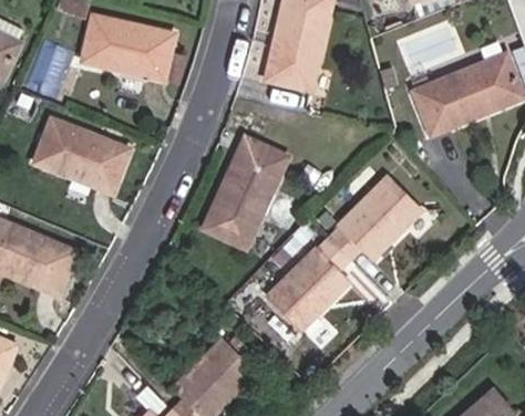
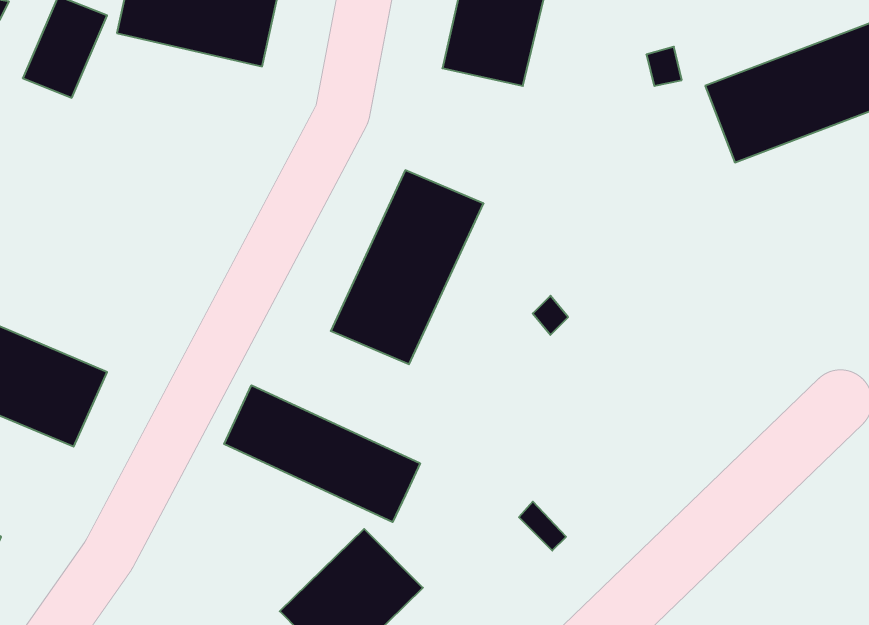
building: [33,117,128,191] -> none
building: [268,177,420,327] -> none
building: none -> [224,385,420,522]

